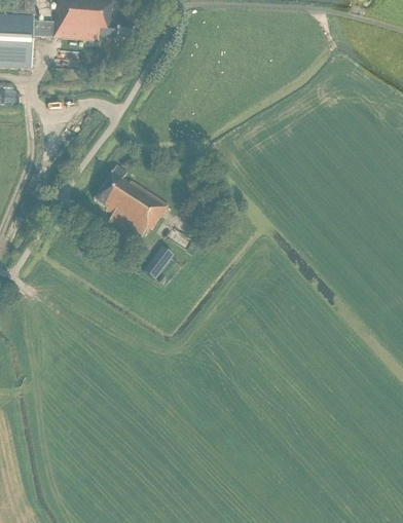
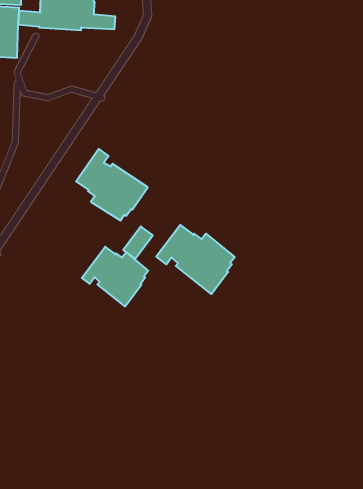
building: none -> [156,225,235,294]
building: none -> [82,247,148,306]

